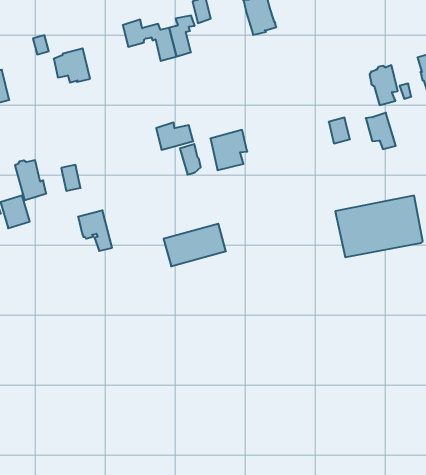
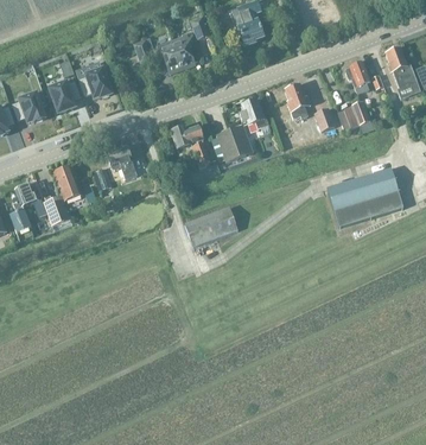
building: none -> [49,81,80,113]
building: none -> [285,84,310,119]
building: none -> [239,100,271,133]
building: [78,210,112,251] -> [106,145,136,179]

